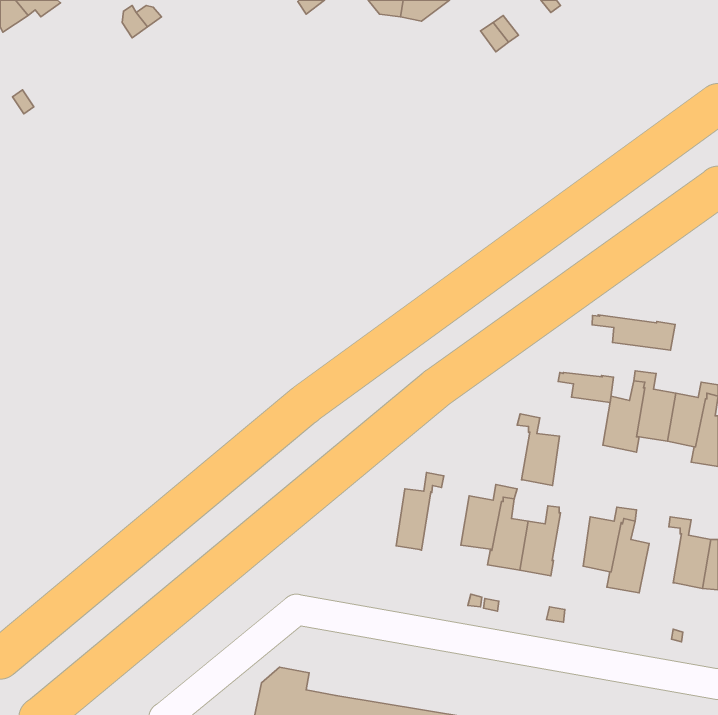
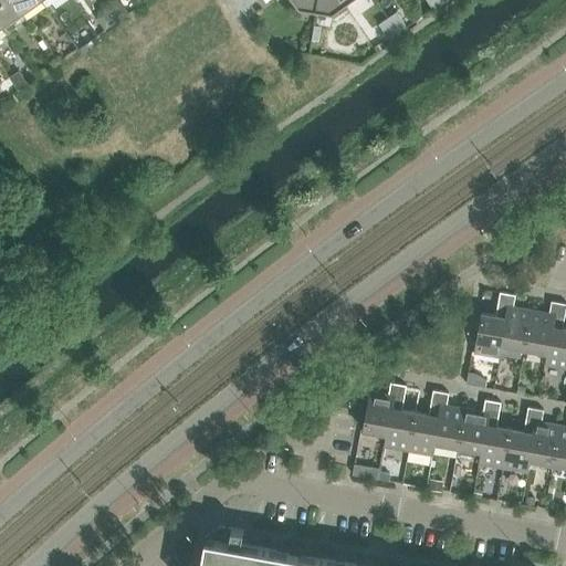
building: [592,315,675,350] -> none
building: [558,373,614,403] -> none
building: [517,414,559,485] -> [431,391,464,448]
building: [396,473,444,550] -> none
building: none -> [503,417,536,473]

